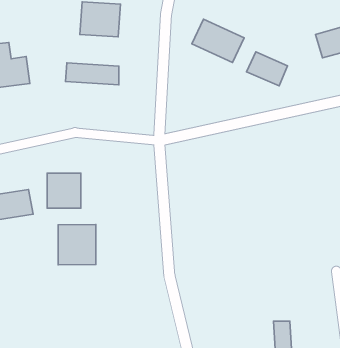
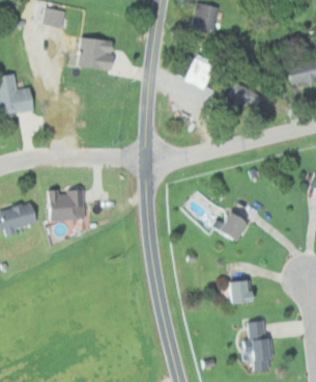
building: [66,63,119,85] -> none
building: none -> [220,212,249,242]
building: [58,224,96,265] -> none
building: none -> [231,281,252,303]

